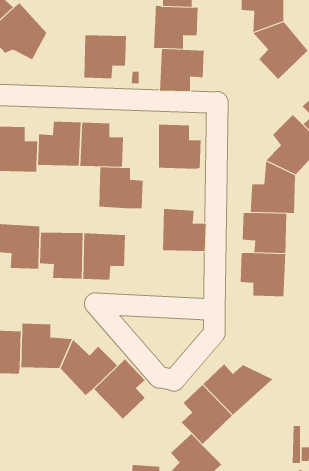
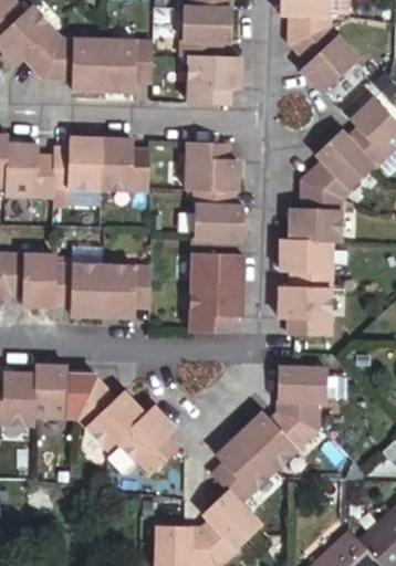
building: none -> [46,39,105,90]
building: [98,167,144,209] -> [194,191,244,239]
building: none -> [191,284,241,333]
building: none -> [277,369,329,429]

